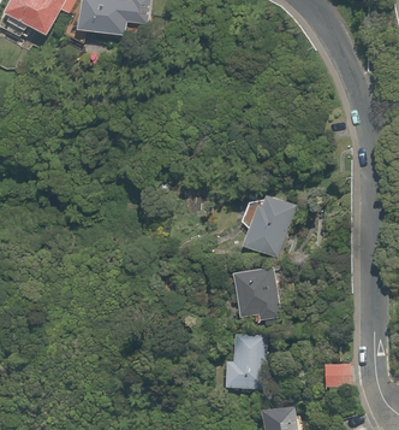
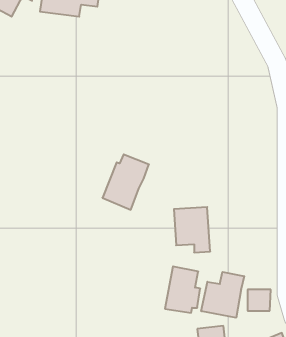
building: [242,189,297,255] -> [102,154,149,210]
building: none -> [201,272,244,318]

